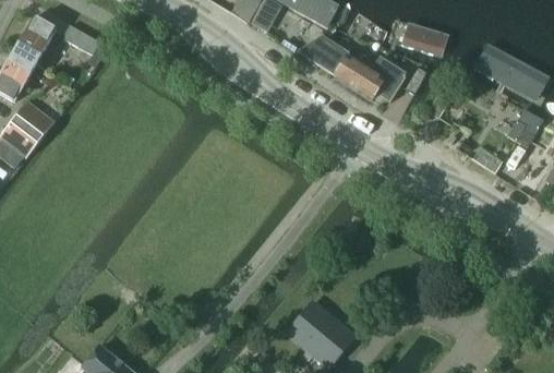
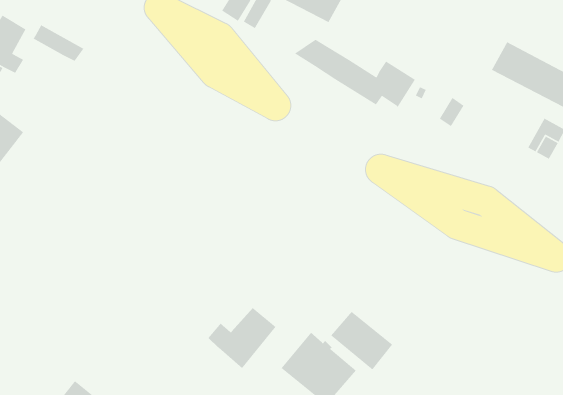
building: [404,19,454,53] -> none
building: none -> [208,307,276,369]
building: none -> [330,311,393,371]

